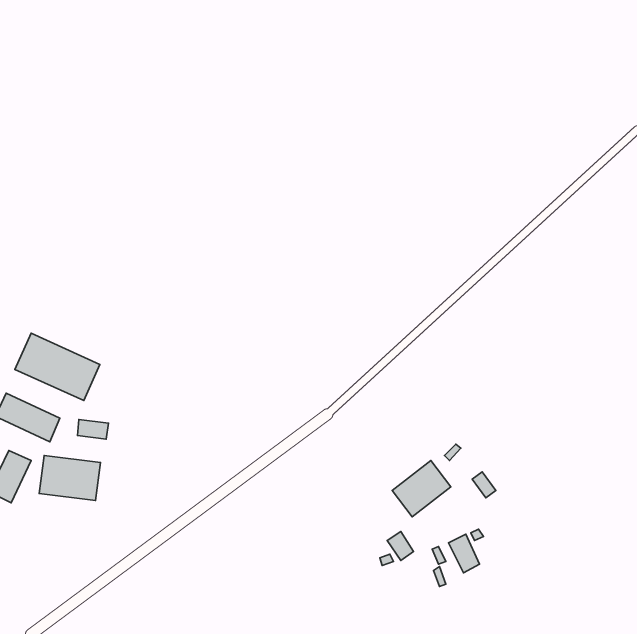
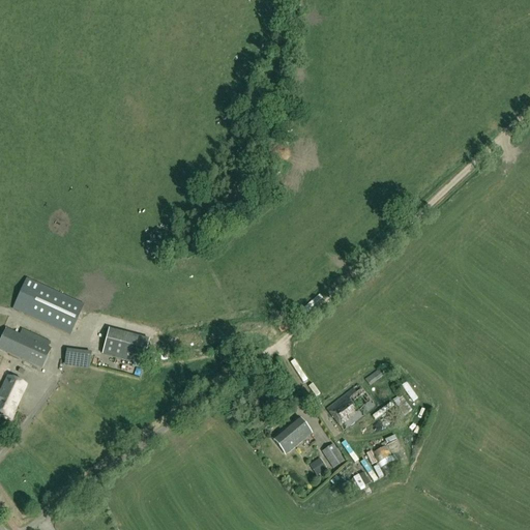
building: none -> [101,327,148,361]
building: [39,455,100,501] -> none
building: none -> [270,414,311,452]

